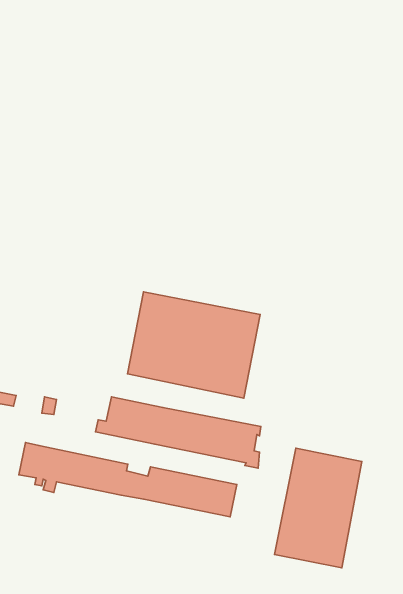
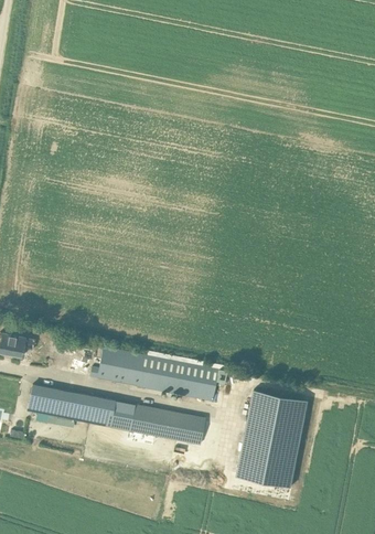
building: [128,292,260,398] -> none

